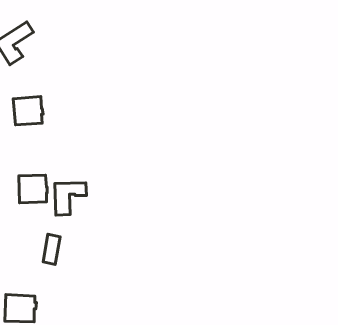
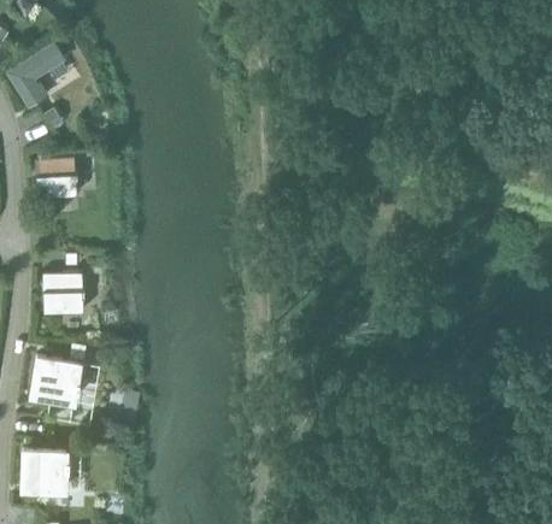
building: [55,183,87,215] -> none
building: none -> [29,358,78,402]

